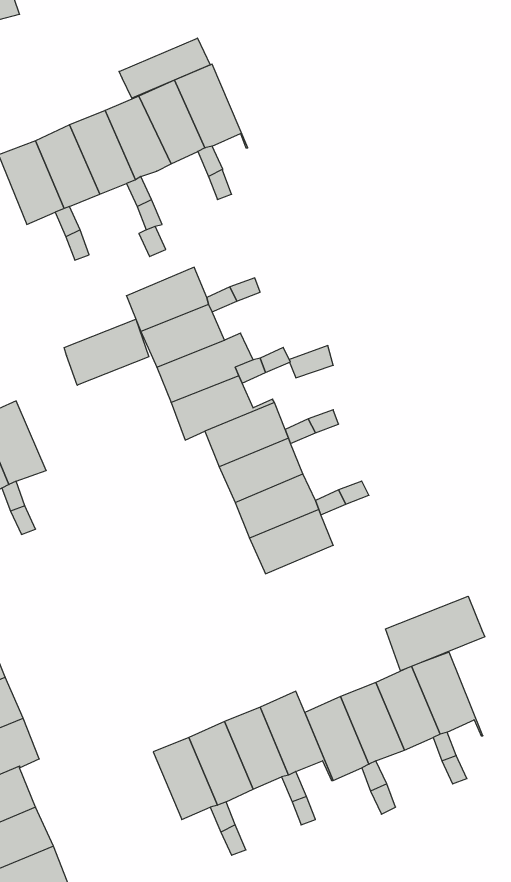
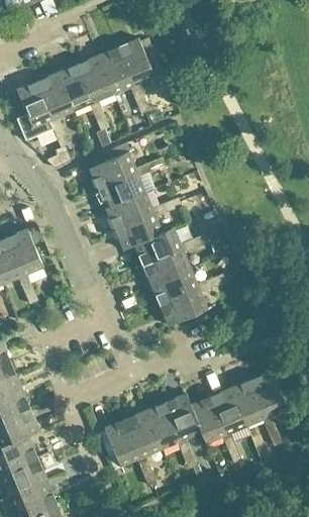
building: [119,38,210,98] -> none
building: [64,319,149,385] -> none
building: [385,596,485,671] -> none

